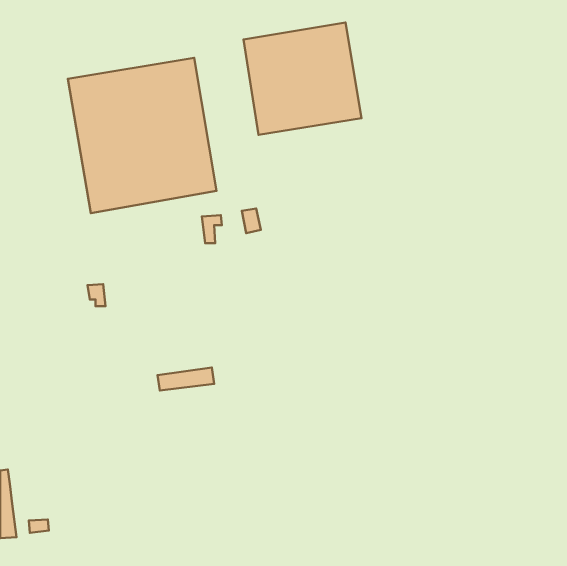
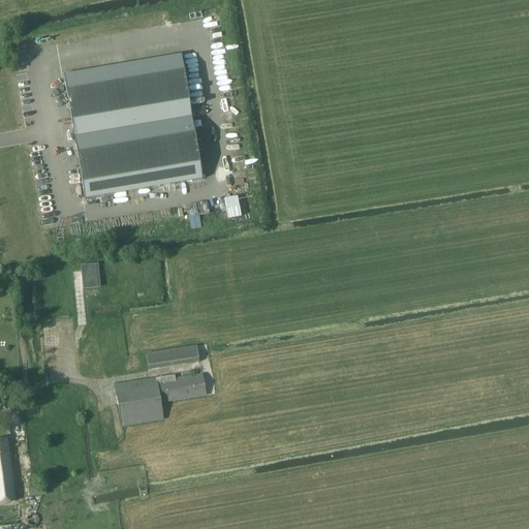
building: [244,23,361,135] -> none
building: none -> [115,373,206,426]

